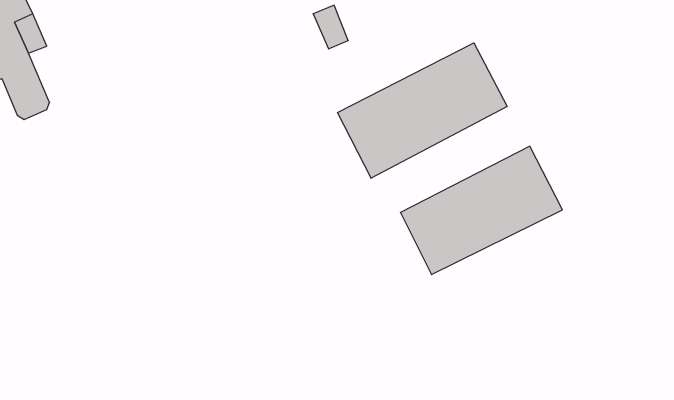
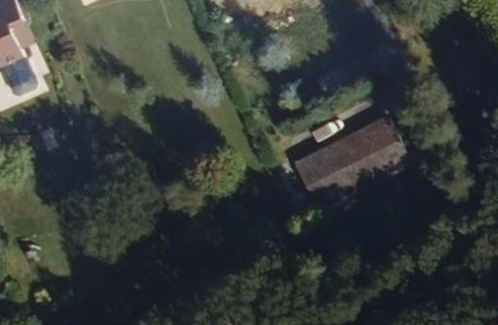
building: [338,43,507,178] -> none

